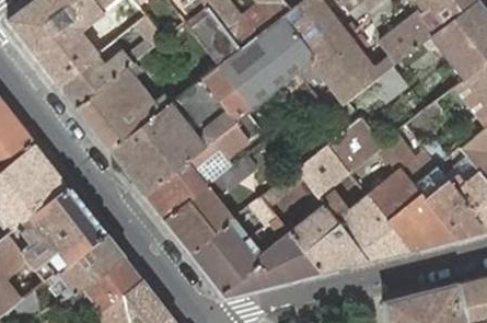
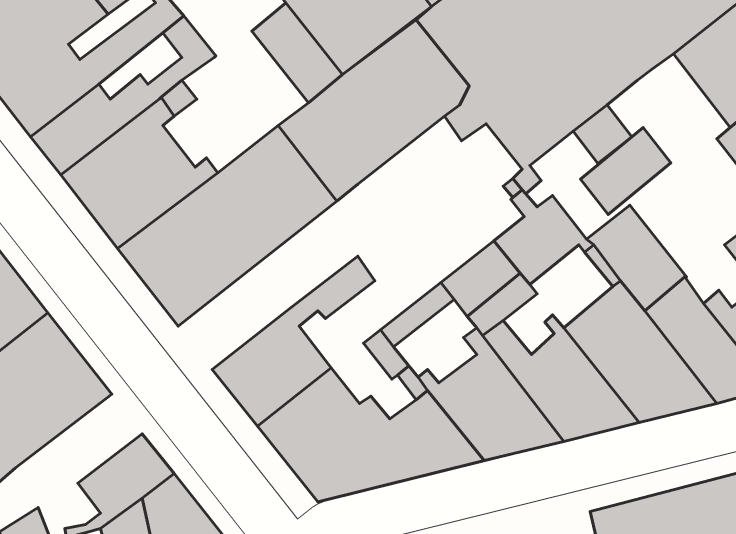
building: none -> [580,128,671,214]
building: [143,113,260,220] -> none
building: [49,234,123,299] -> none

